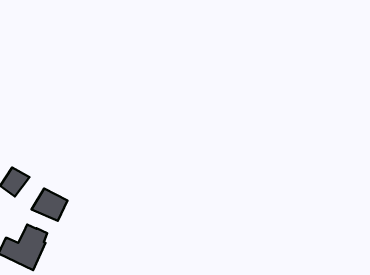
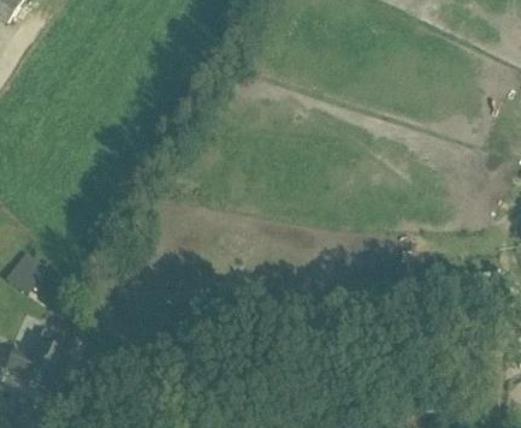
building: [31,189,67,221] -> none

